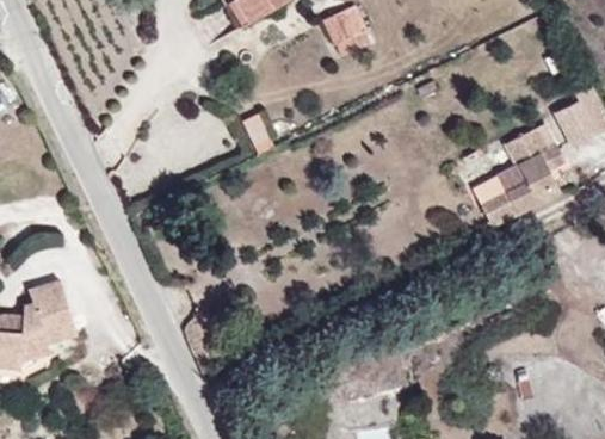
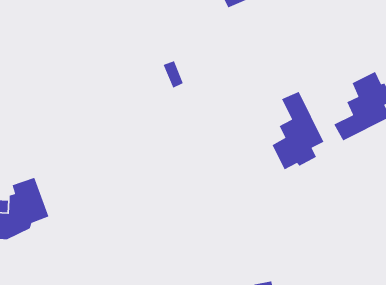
building: none -> [271,91,325,171]

